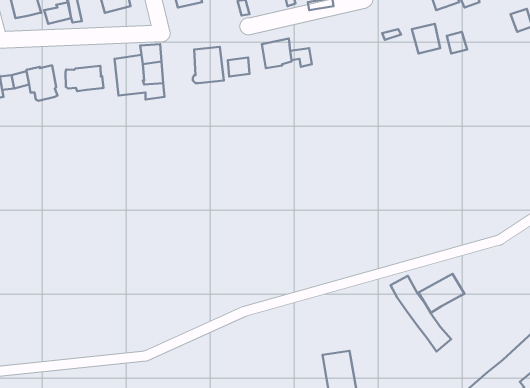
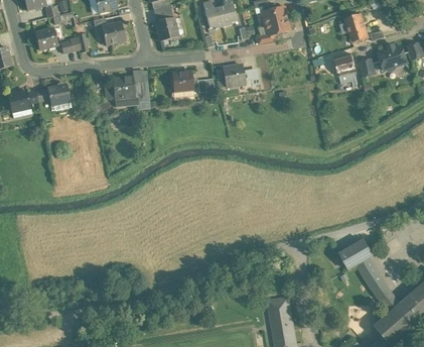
building: none -> [378,43,406,70]
building: [65,66,103,91] -> none
building: [390,276,451,351] -> [356,256,401,313]

